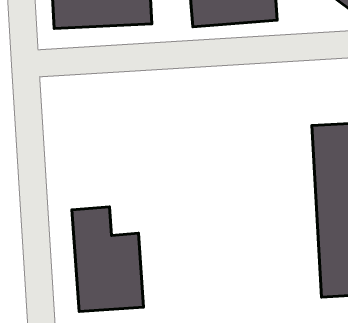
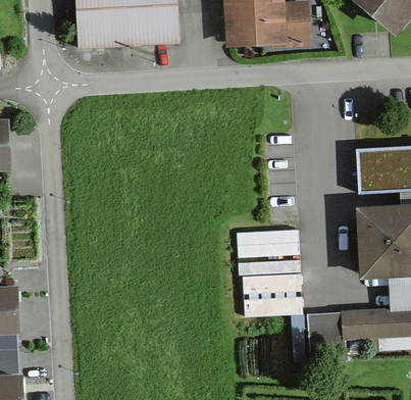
building: none -> [242,226,347,345]
building: [72,207,144,311] -> none

